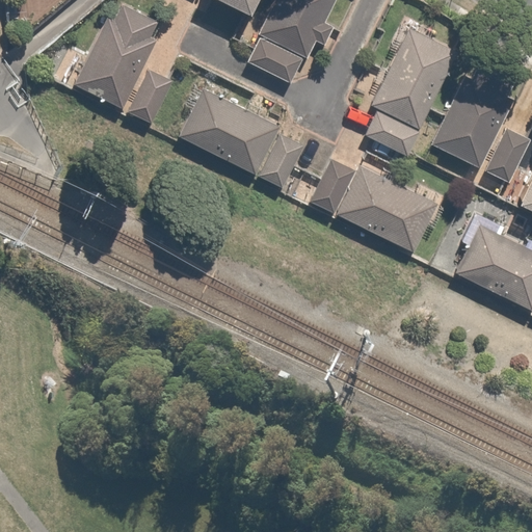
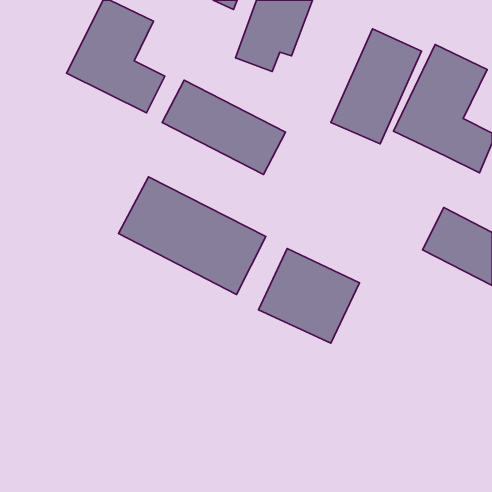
building: [309,157,438,251] -> none
building: none -> [118,177,266,294]
building: none -> [258,249,360,343]

